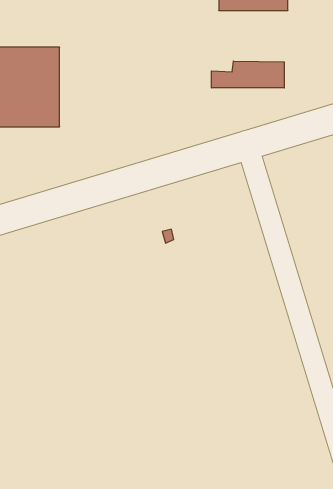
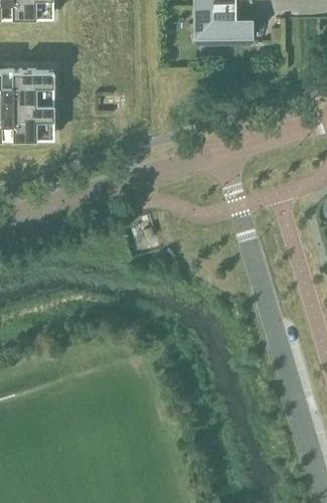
building: [212,61,284,88] -> none

